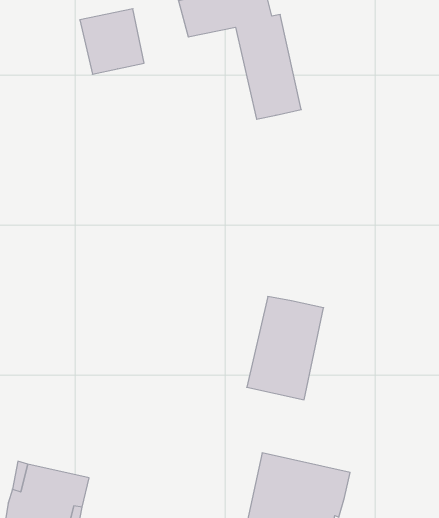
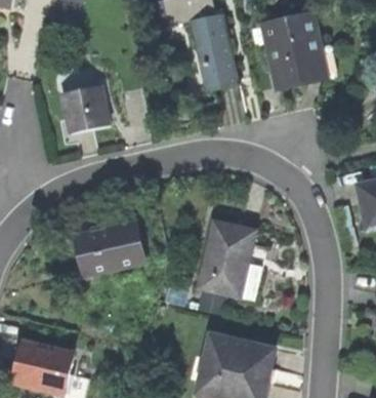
building: [80,9,144,74] -> [61,83,109,131]
building: none -> [262,13,326,86]
building: none -> [73,220,142,273]

